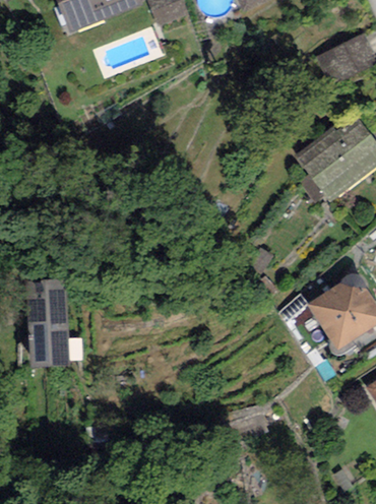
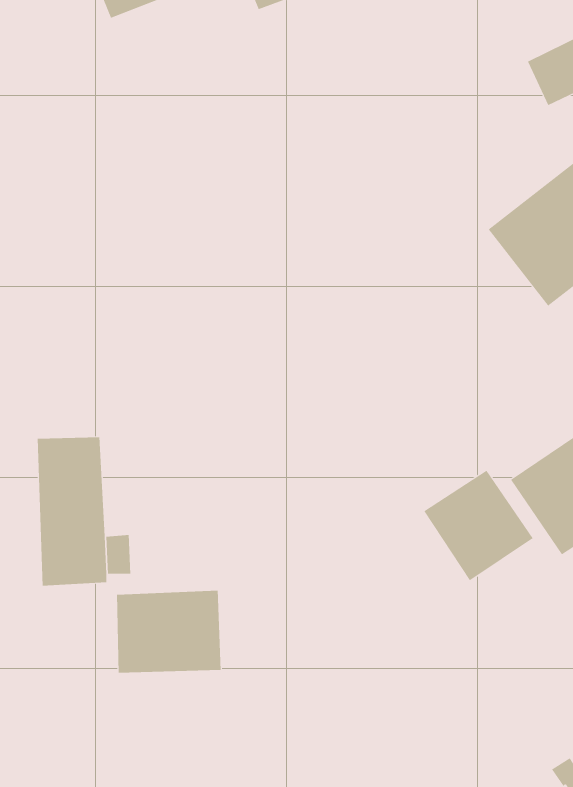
building: none -> [423,470,533,581]
building: none -> [117,590,221,674]

